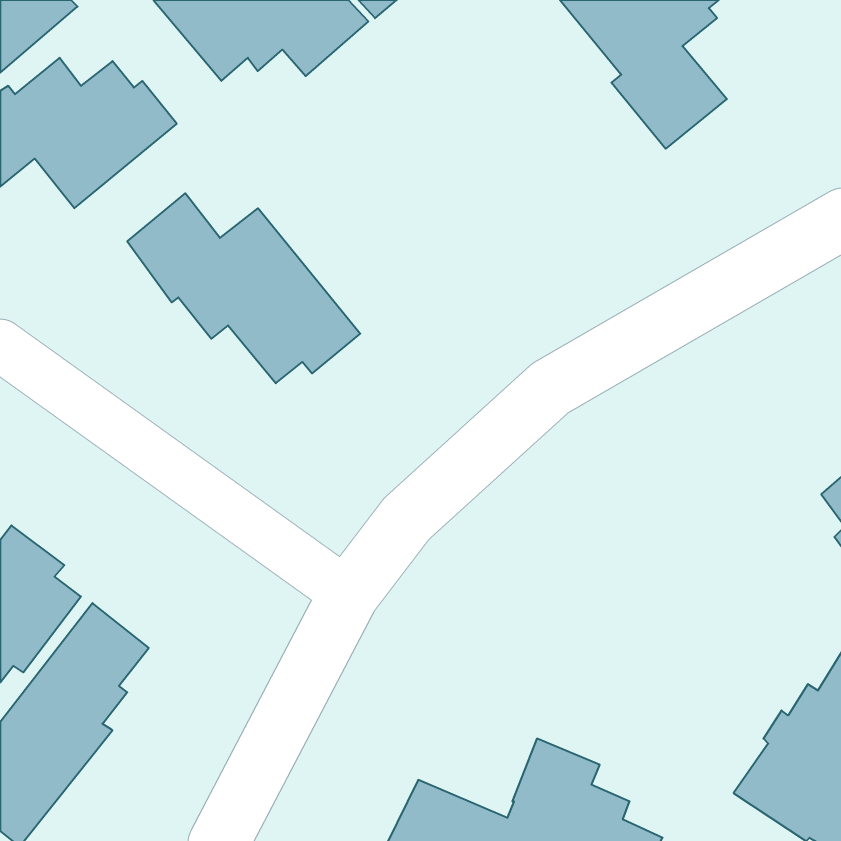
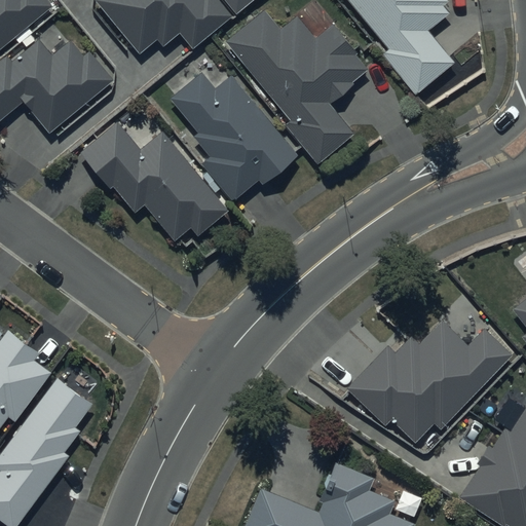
building: none -> [226,8,366,164]
building: none -> [170,71,297,200]
building: none -> [347,318,512,442]

